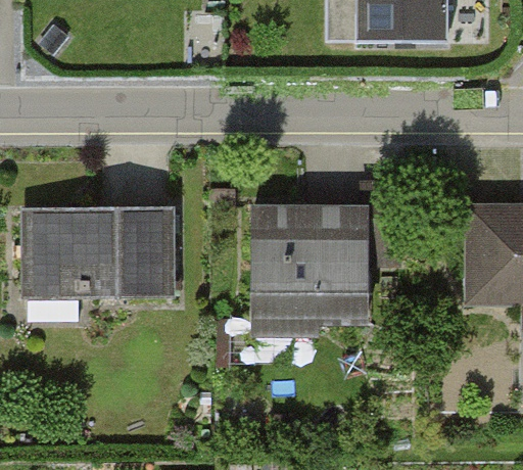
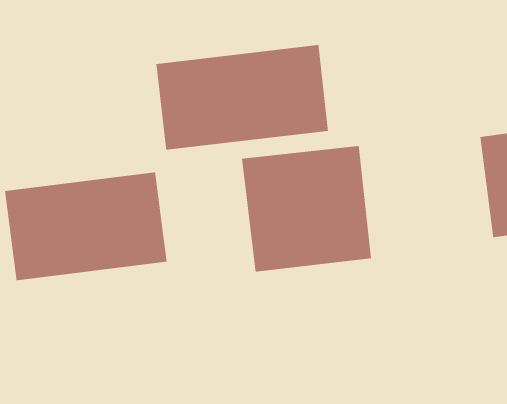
building: none -> [156,44,328,151]

